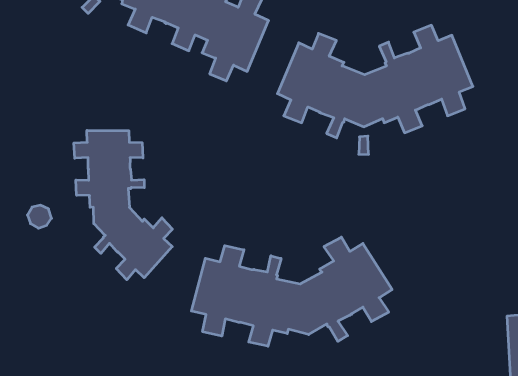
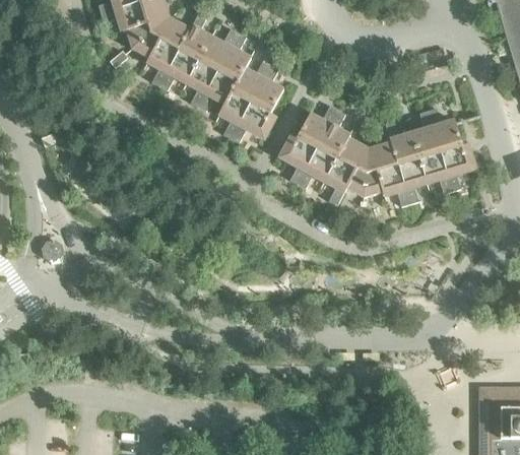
building: [74,130,172,280] -> none
building: [191,237,392,346] -> none

